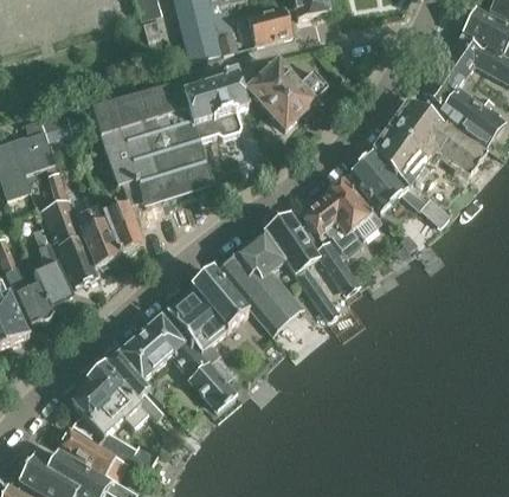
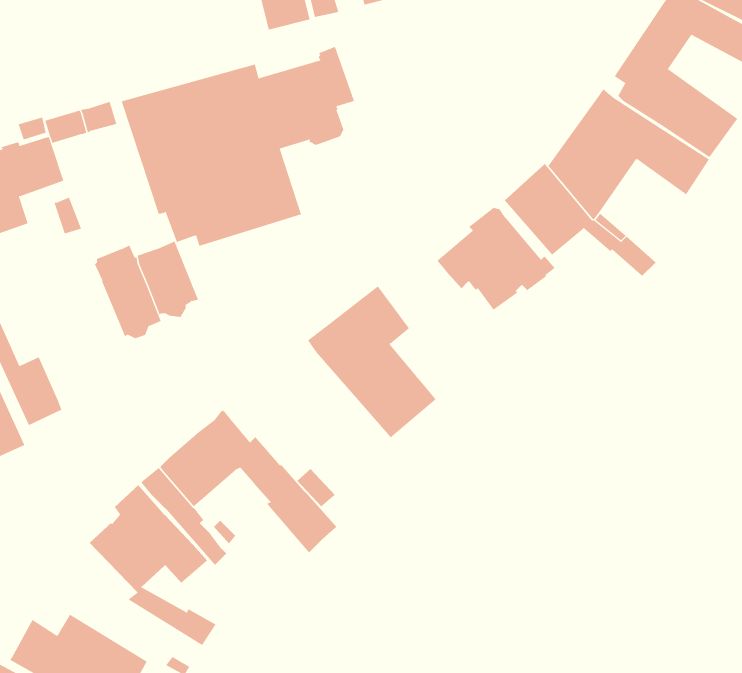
building: [233,63,327,127] -> none
building: [43,198,96,284] -> none
building: [263,213,359,317] -> none
building: [33,225,72,308] -> none
building: [166,270,247,349] -> none
building: [57,426,127,479] -> none

